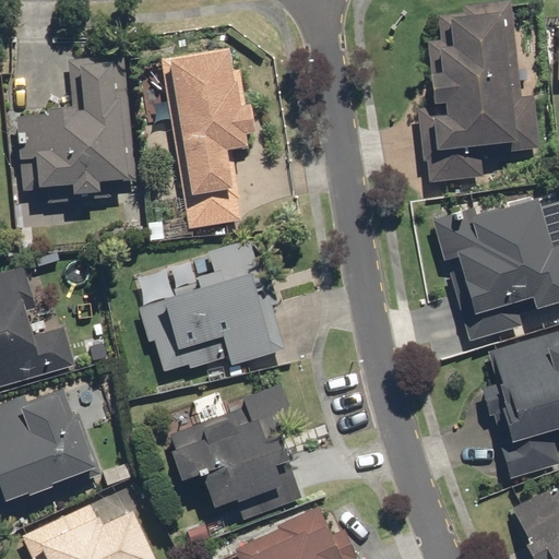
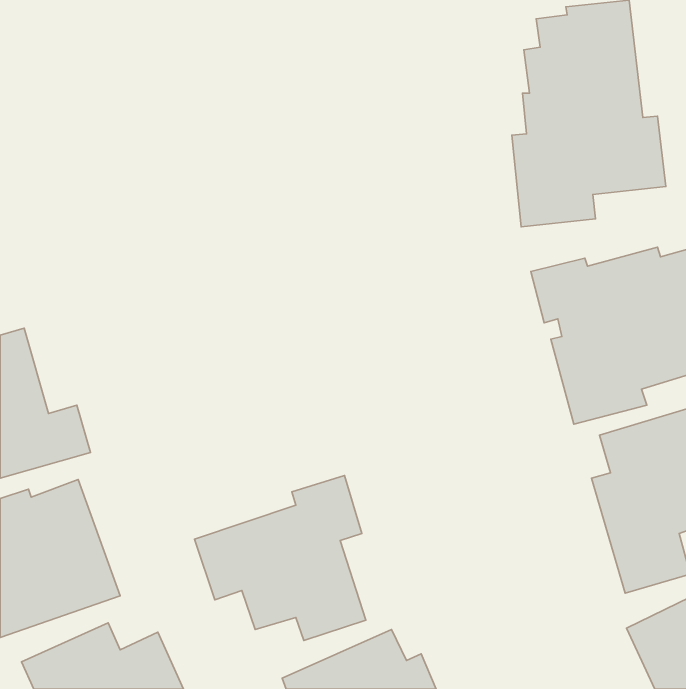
building: [160,47,252,230] -> none
building: [11,56,138,197] -> none
building: [136,239,285,374] -> none

